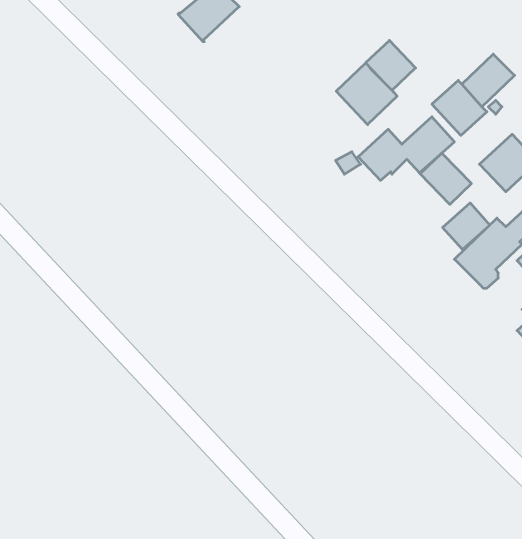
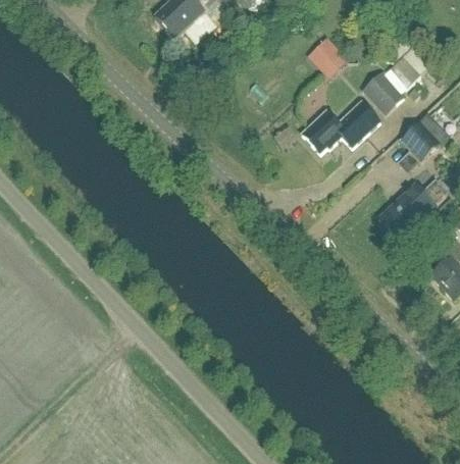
building: [336,63,397,125] -> none
building: [420,153,471,204] -> none
building: [443,203,490,250] -> none

